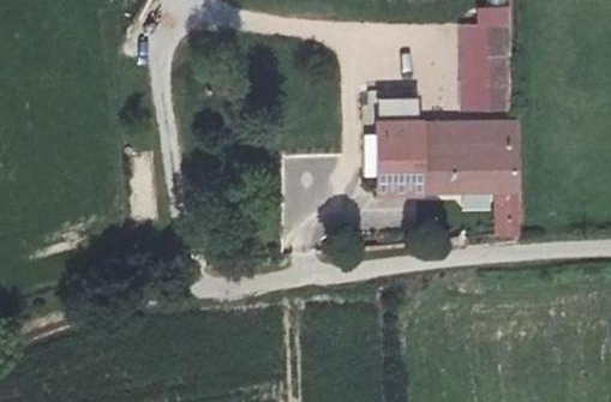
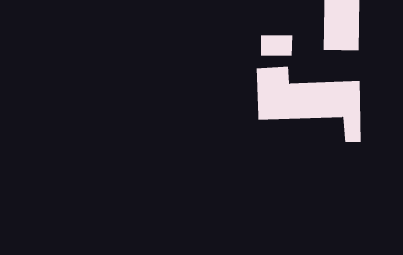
building: [417,118,513,148] -> none

